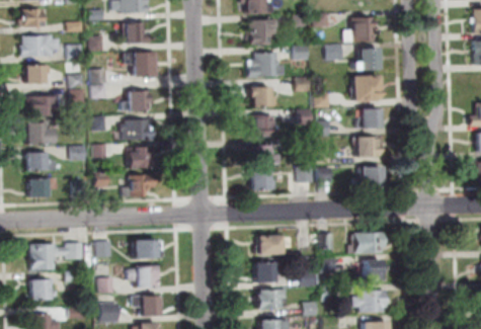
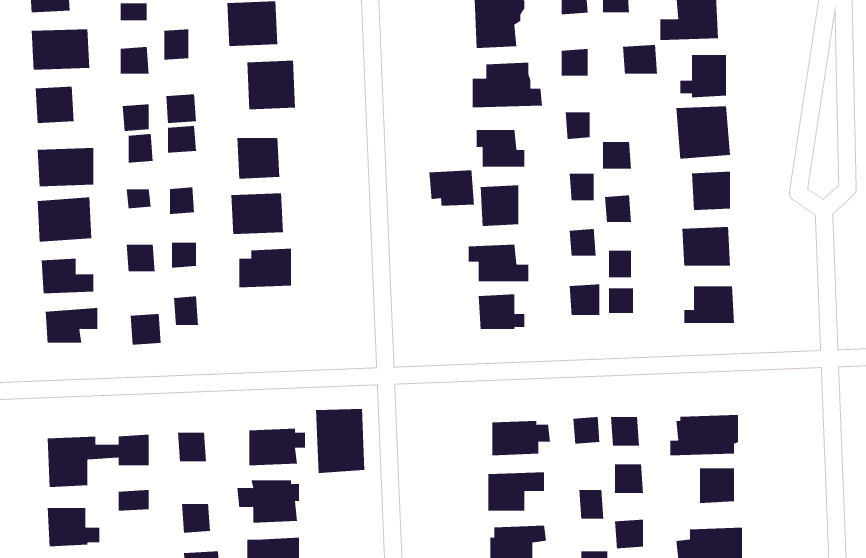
building: none -> [429,170,475,206]
building: [124,175,155,197] -> none
building: none -> [316,408,365,474]

